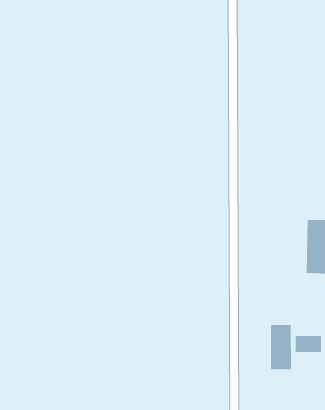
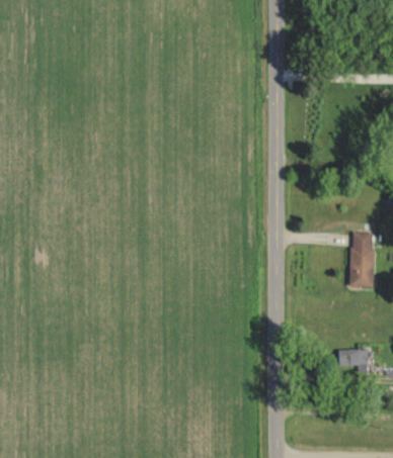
building: [270,324,291,370] -> none

